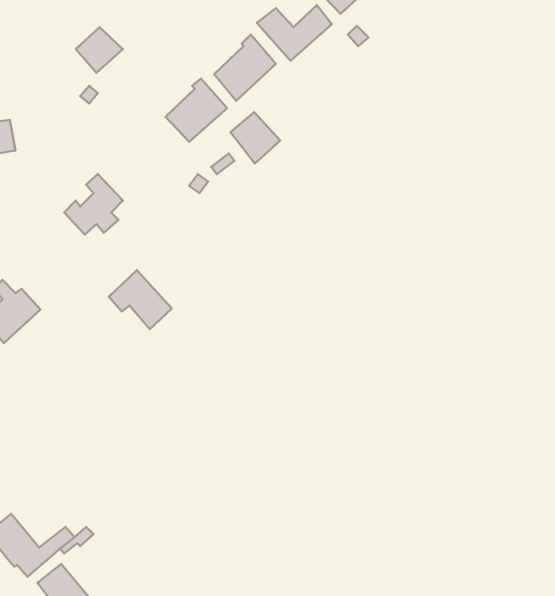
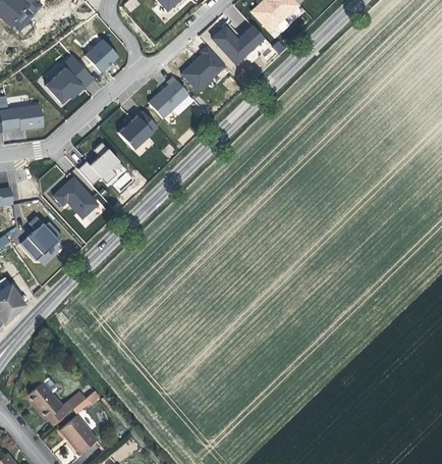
building: none -> [45,56,94,103]
building: [230,112,280,164] -> none
building: none -> [117,111,157,149]
building: [109,270,172,329] -> [53,177,97,218]

